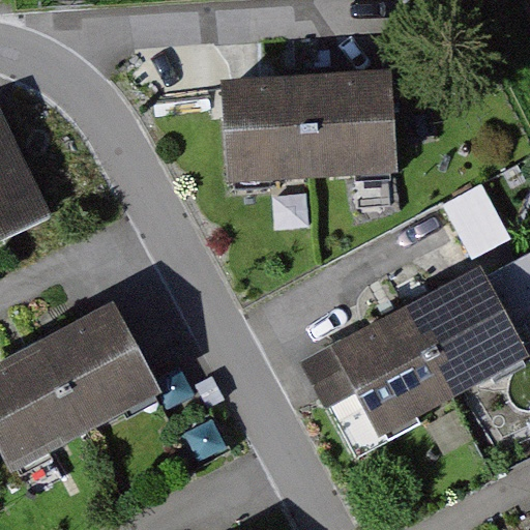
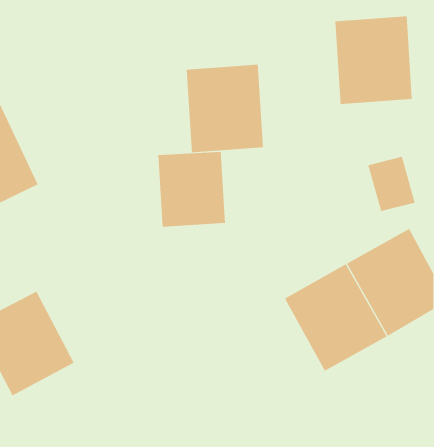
building: [305,69,398,174] -> [335,16,413,104]
building: none -> [158,151,225,228]
building: [43,303,163,428] -> none

